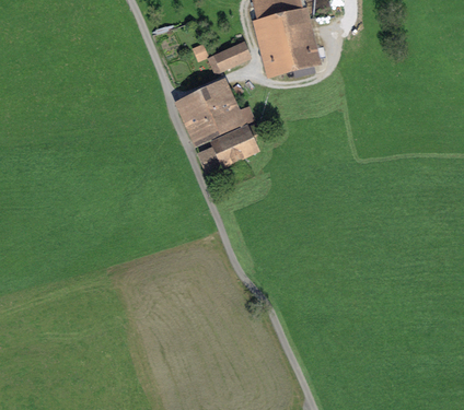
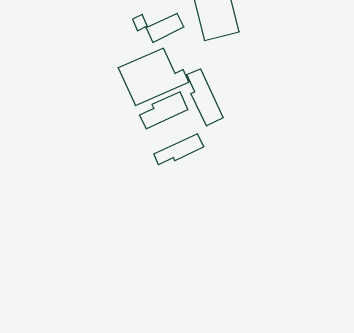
building: none -> [187,69,223,126]
building: none -> [154,134,204,165]

